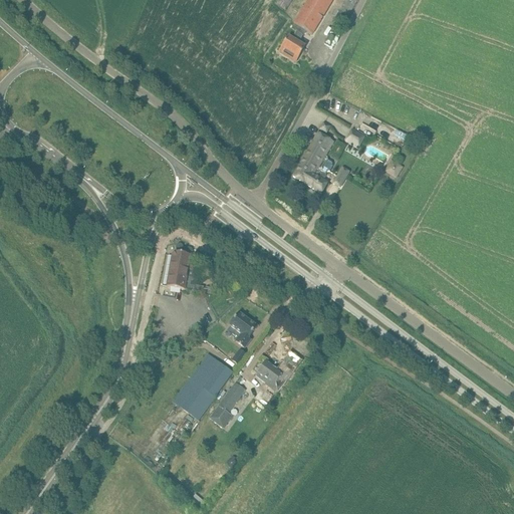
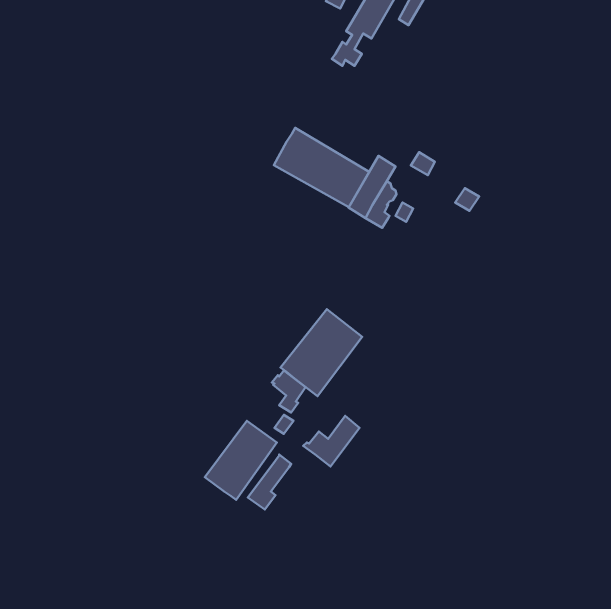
building: none -> [274,128,369,207]
building: [166,250,203,290] -> none
building: none -> [281,309,362,396]

